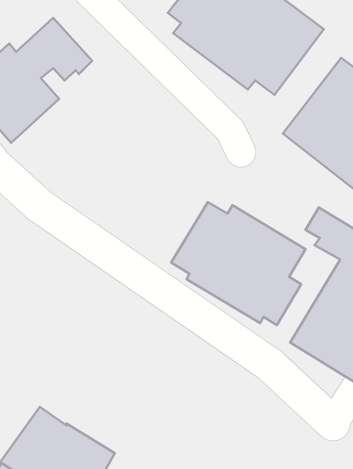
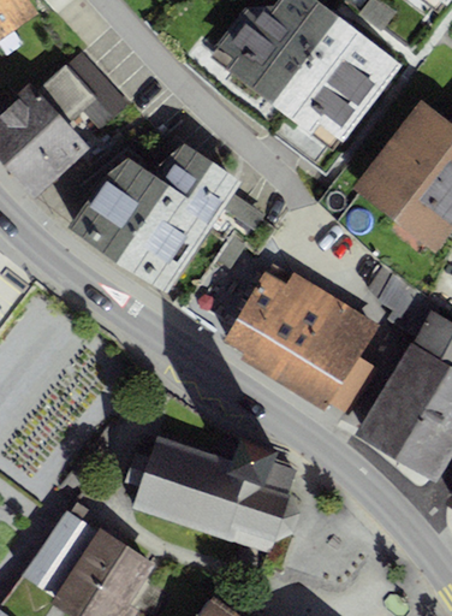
building: none -> [67,143,263,291]
building: none -> [125,437,299,553]

